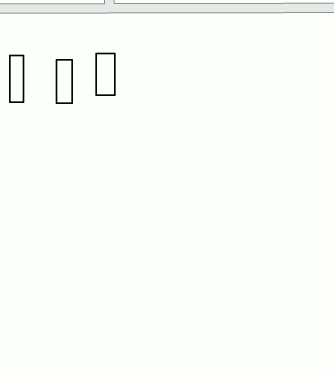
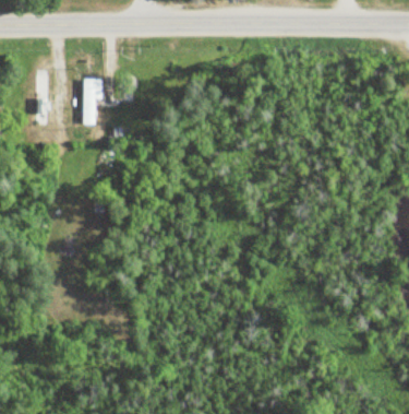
building: [96,54,115,95] -> none

